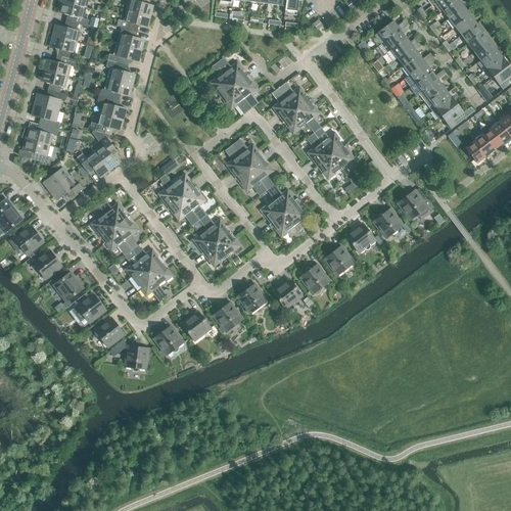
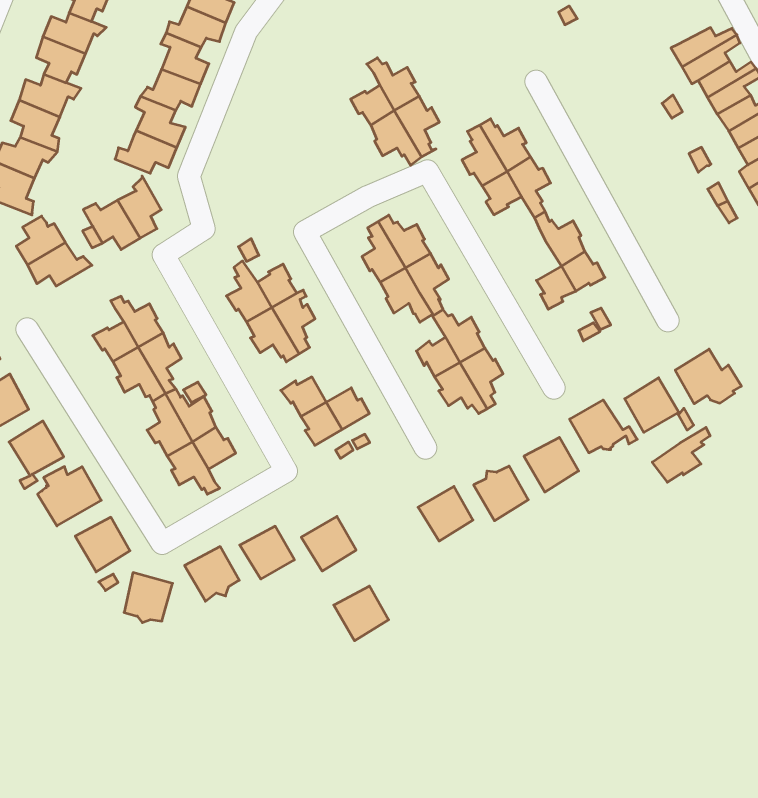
building: [307,133,331,166] -> none
building: [199,216,229,243] -> none
building: none -> [652,427,710,482]
building: [237,284,267,314] -> [334,586,389,641]

